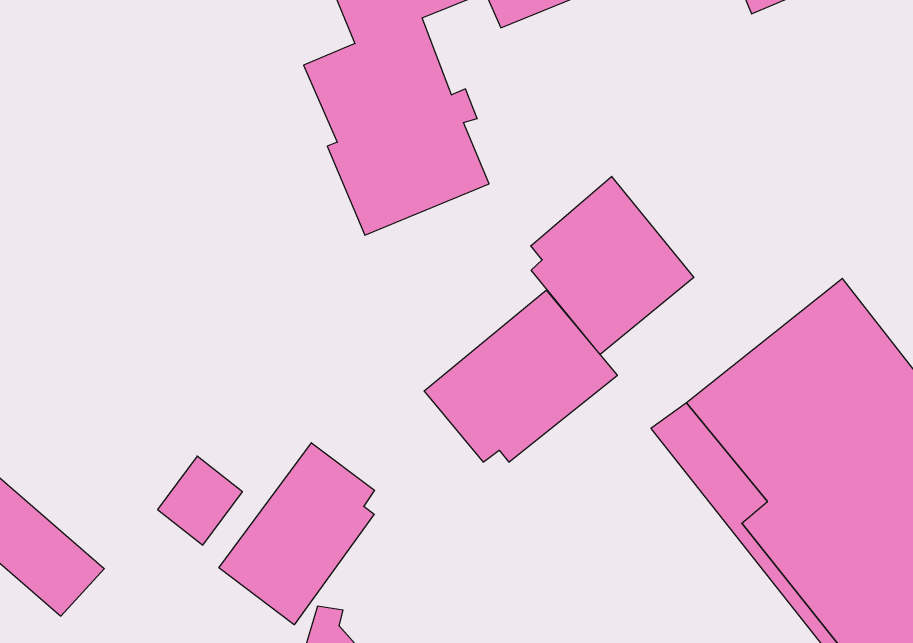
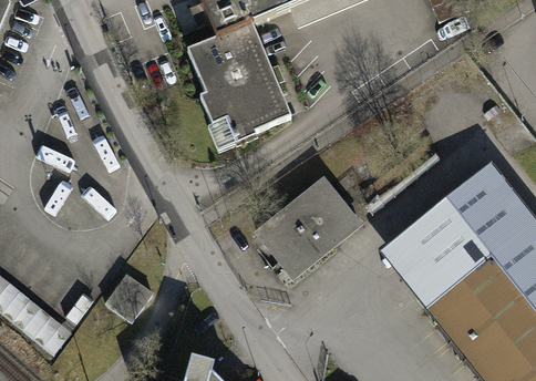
building: [531,176,694,355] -> none
building: [219,443,375,625] -> none

